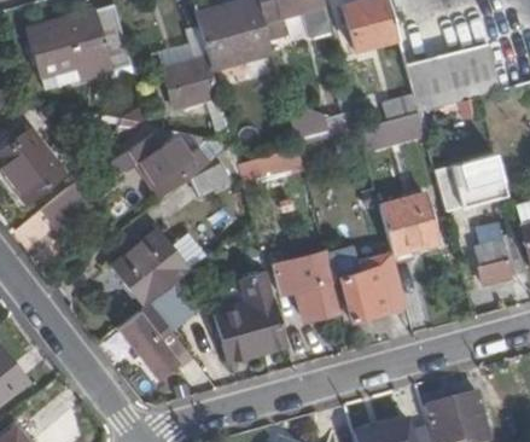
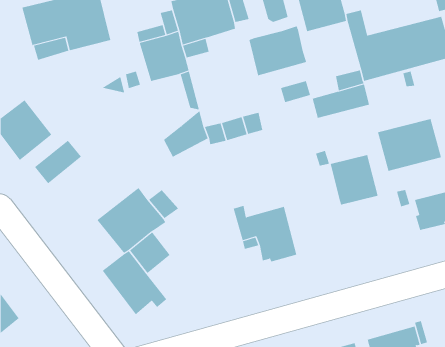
building: none -> [249,25,307,76]
building: [112,132,209,194] -> none
building: [338,248,406,318] -> none
building: [214,273,286,362] -> none

